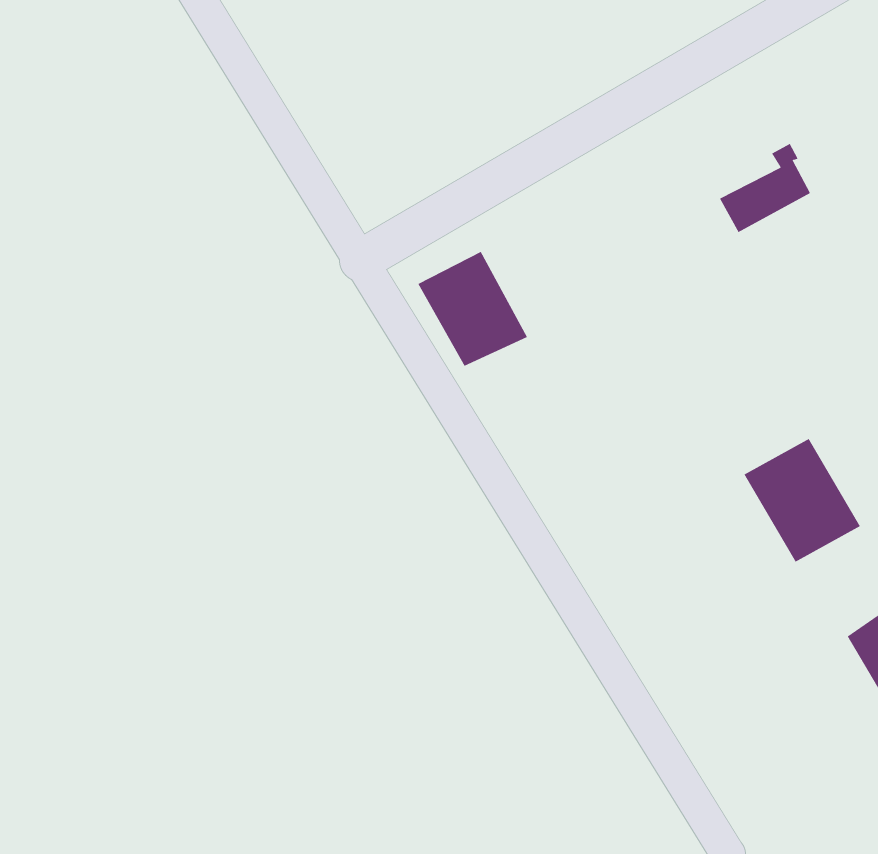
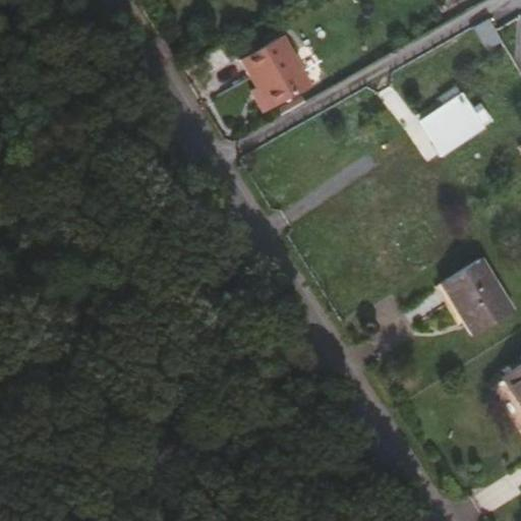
building: [417,251,528,367] -> [247,43,312,111]

